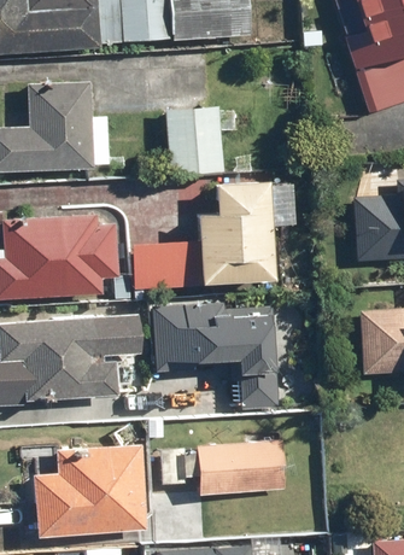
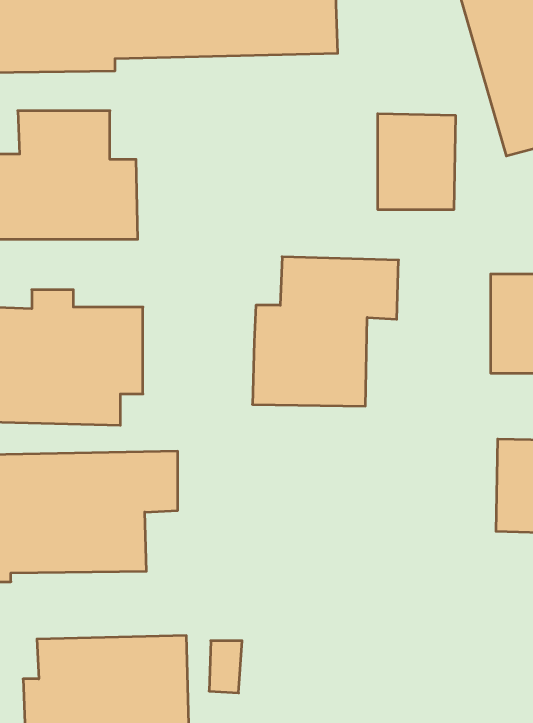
building: [168,109,222,175] -> [378,114,456,209]
building: [131,240,192,287] -> none
building: [156,303,277,405] -> none
building: [194,444,282,495] -> none

